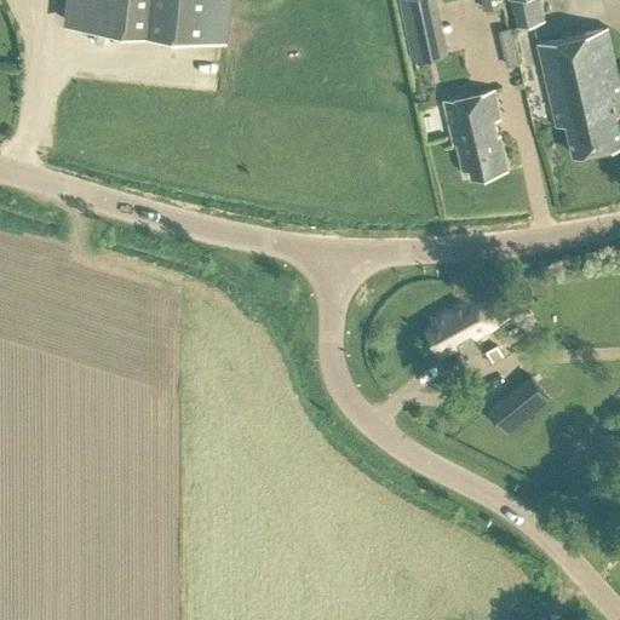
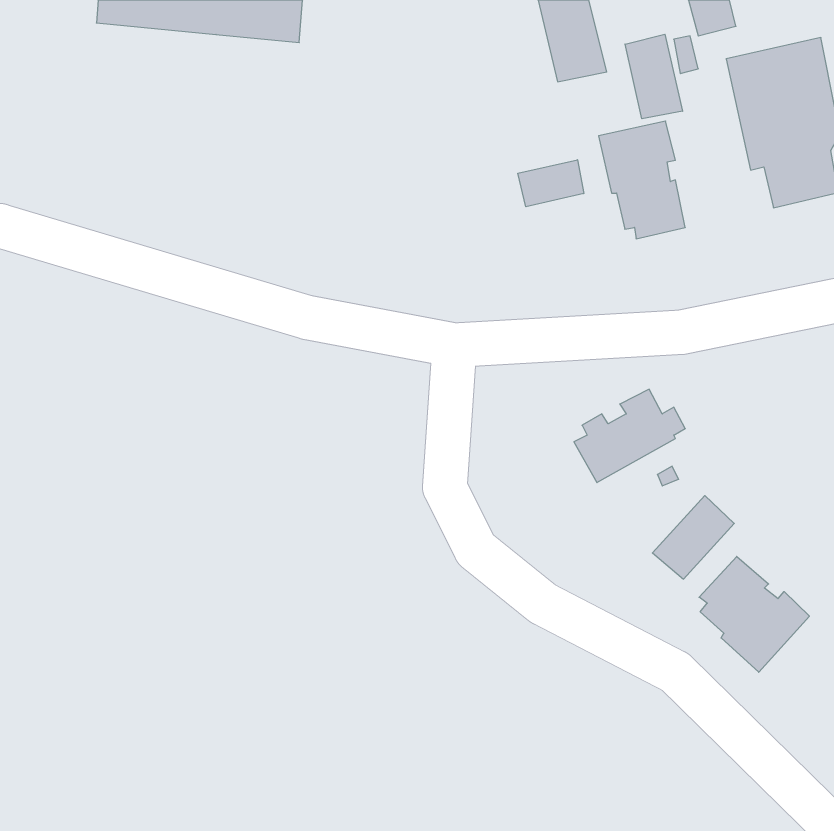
building: none -> [625,34,683,119]
building: none -> [518,160,584,207]
building: none -> [699,556,809,672]

